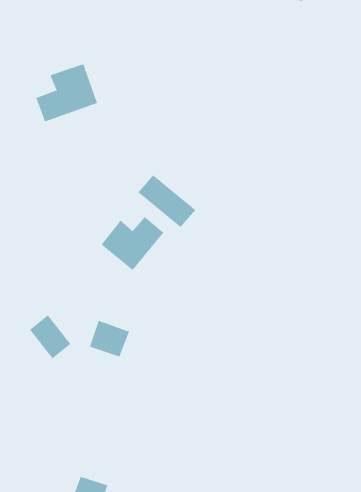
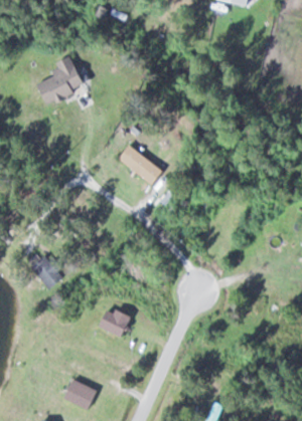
building: [101,216,164,271] -> none
building: [89,320,130,357] -> [97,306,129,336]

